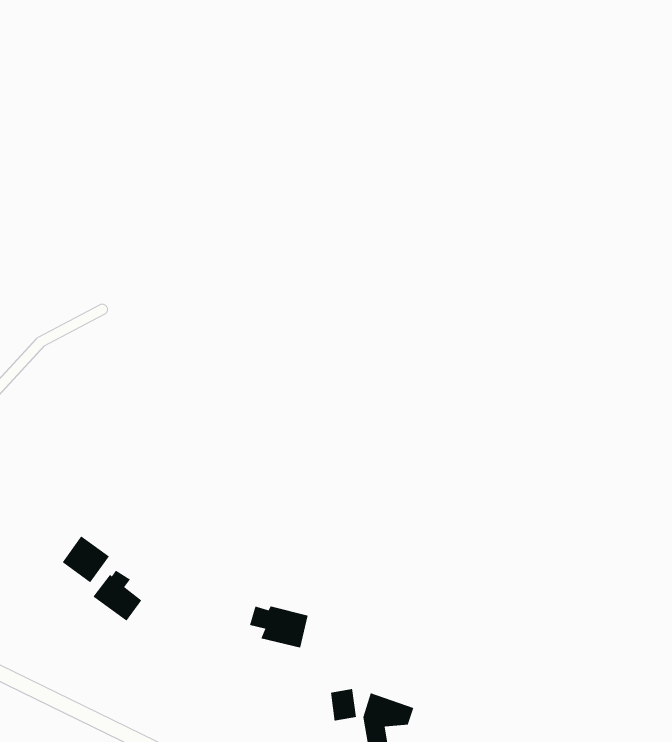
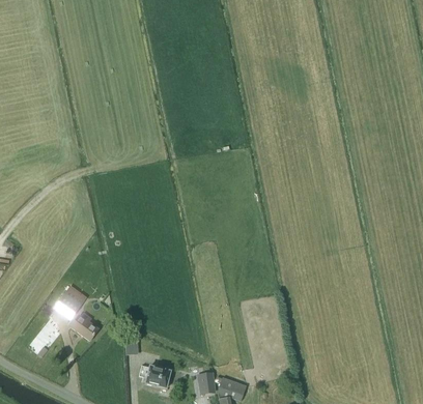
building: [249,606,308,648] -> [139,365,171,387]

